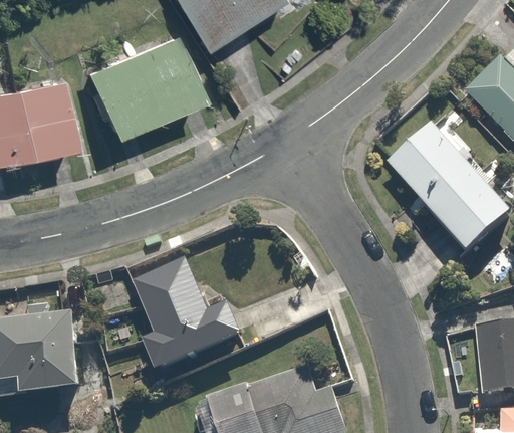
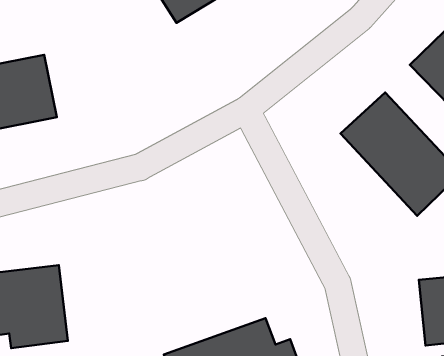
building: [83,30,205,139] -> none
building: [133,254,251,377] -> none

